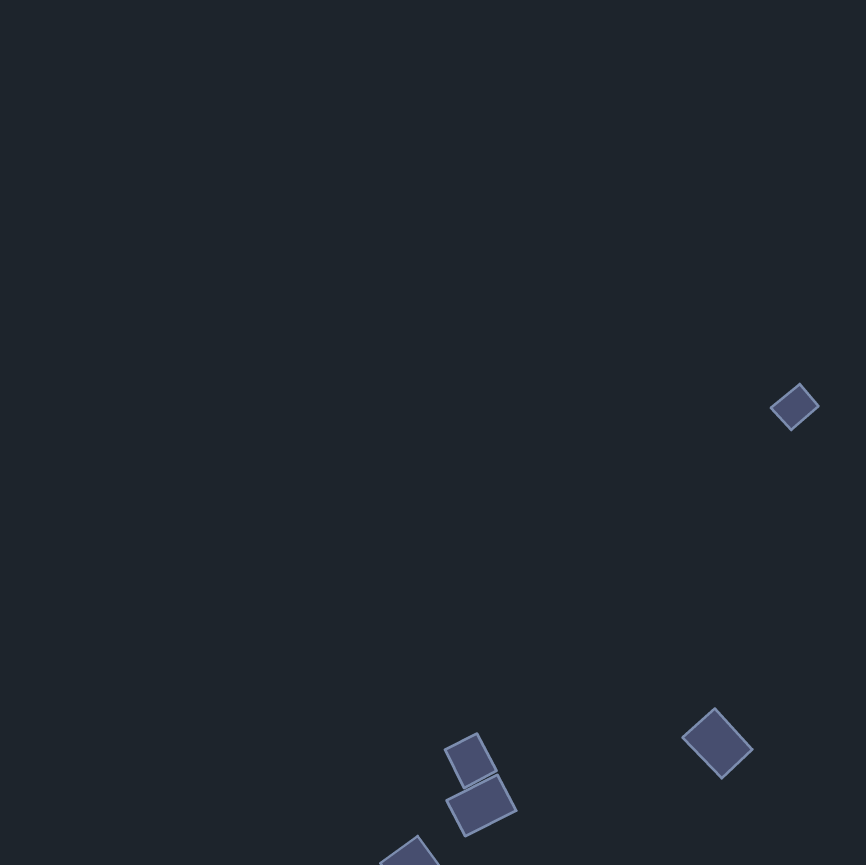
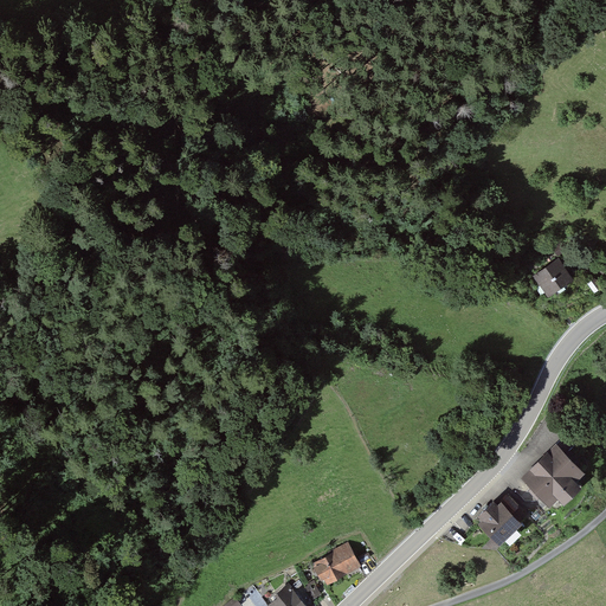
building: none -> [522,444,587,508]
building: [445,734,496,788] -> none

